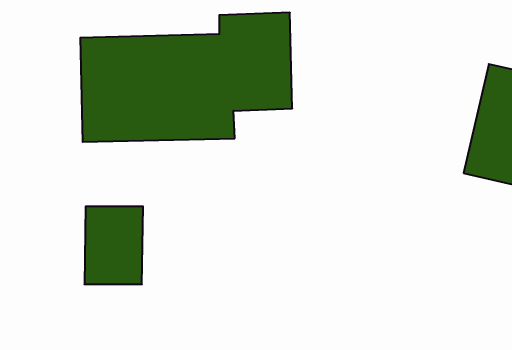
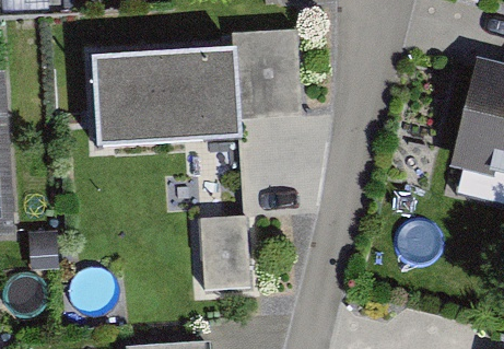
building: [84,206,143,284] -> [204,216,258,287]

